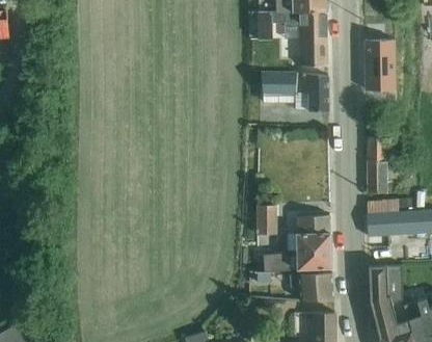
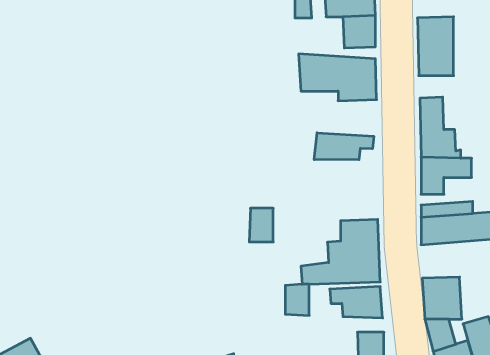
building: none -> [314,133,374,160]
building: [255,206,276,235] -> [249,208,273,242]

